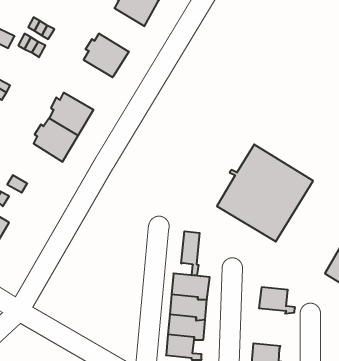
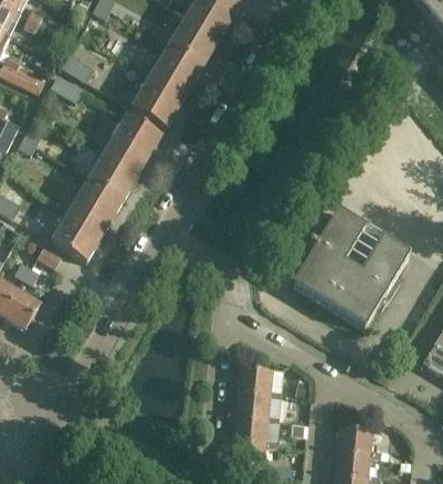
building: none -> [149,43,204,96]
building: none -> [106,114,161,167]
building: none -> [51,208,105,261]
building: [181,231,200,275] -> none
building: [259,287,295,314] -> [337,425,381,457]

